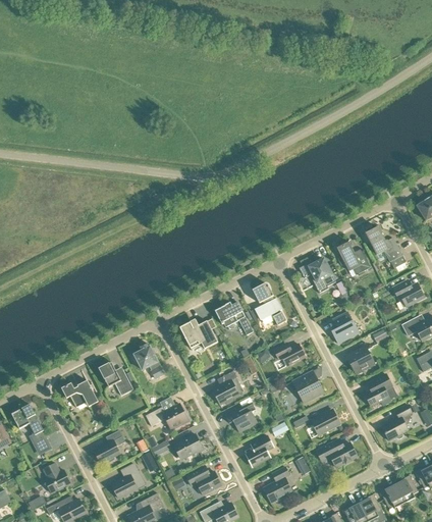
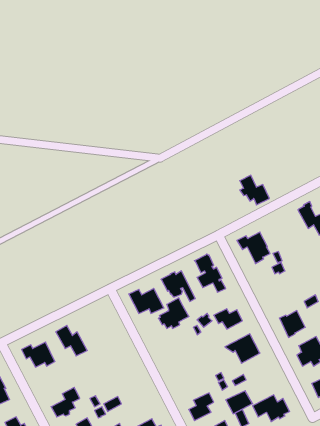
building: [337,242,370,274] -> [240,175,269,205]
building: [331,311,359,344] -> none
building: [129,343,164,377] -> none
building: [211,370,245,404] -> [158,298,189,328]
building: [226,402,257,431] -> none
building: [146,403,191,429] -> none
building: [311,409,340,434] -> [226,391,253,414]
building: [172,433,203,458] -> none

